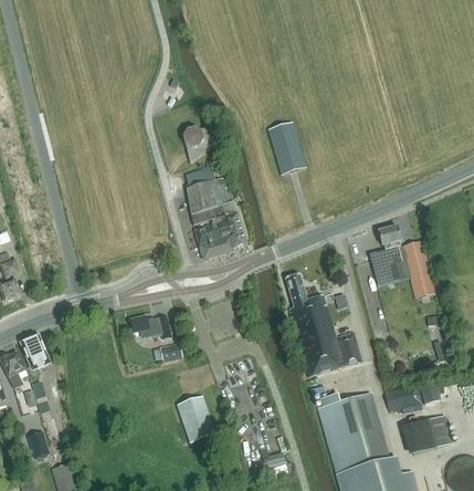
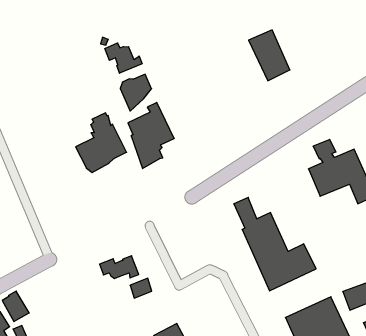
building: none -> [105,43,142,73]
building: [267,122,306,175] -> [249,30,290,81]
building: [194,198,247,259] -> [76,113,127,172]

